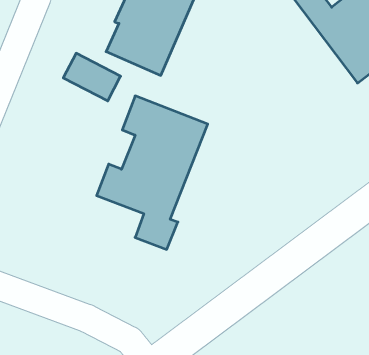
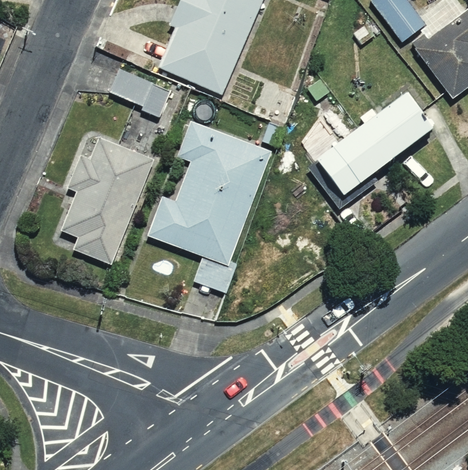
building: none -> [305,90,436,212]
building: none -> [58,135,155,264]

